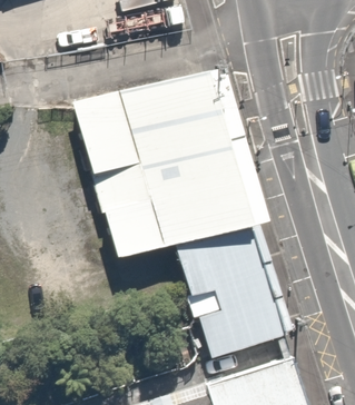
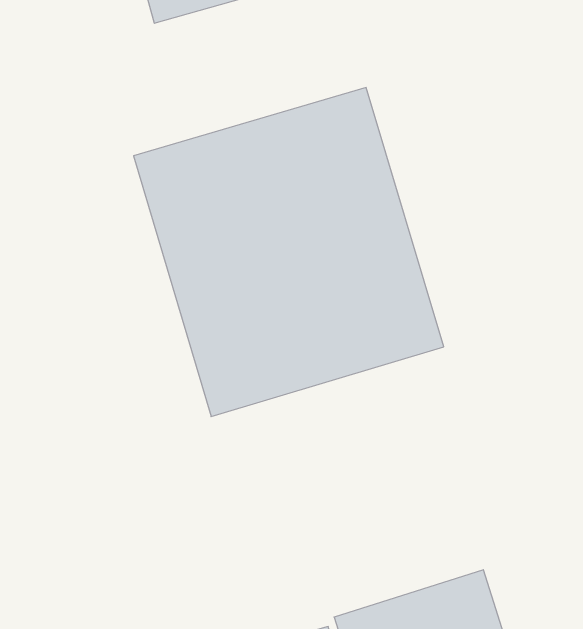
building: [174,227,284,357] -> none

